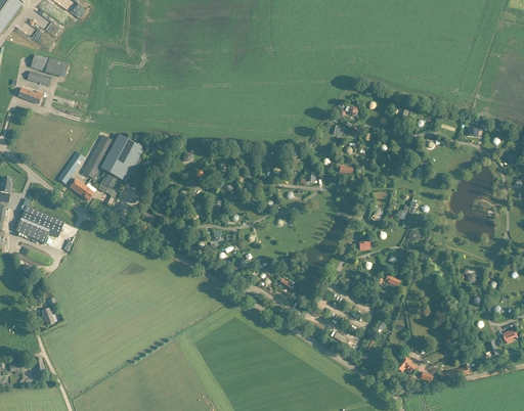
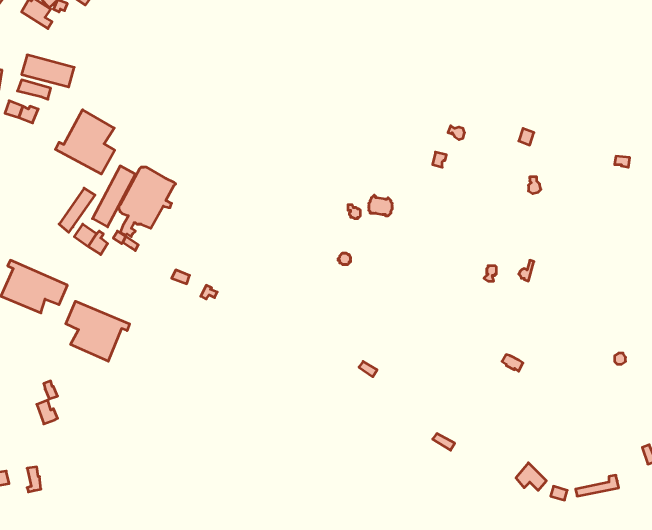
building: none -> [55,110,115,174]
building: none -> [66,301,130,361]

